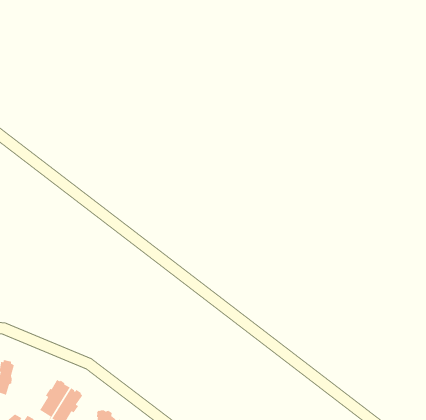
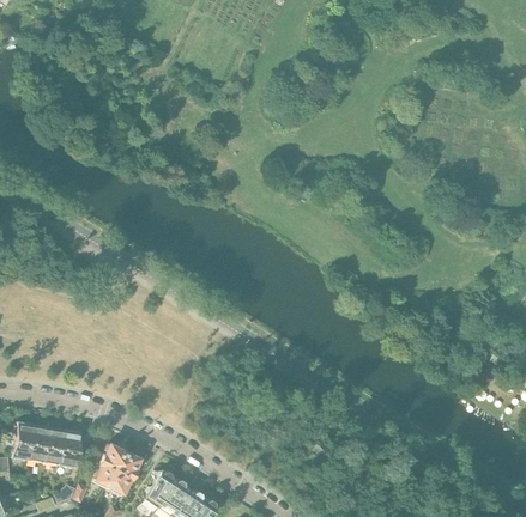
building: none -> [58,430,83,468]

